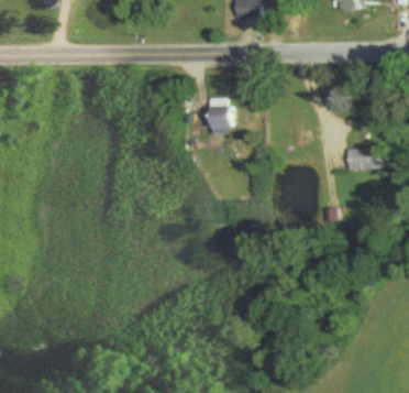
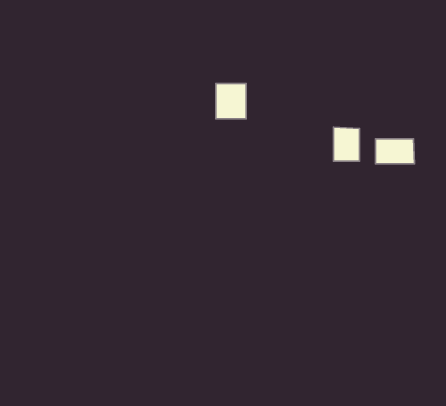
building: none -> [334,127,360,161]

